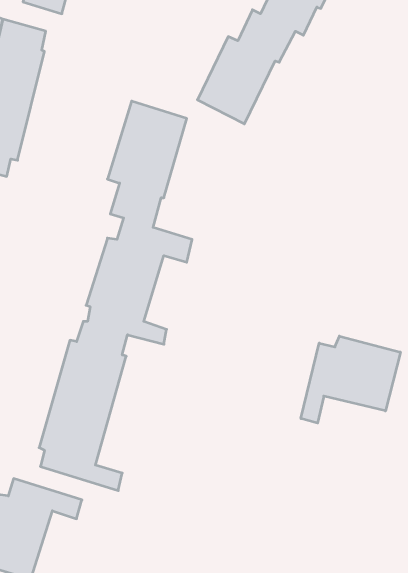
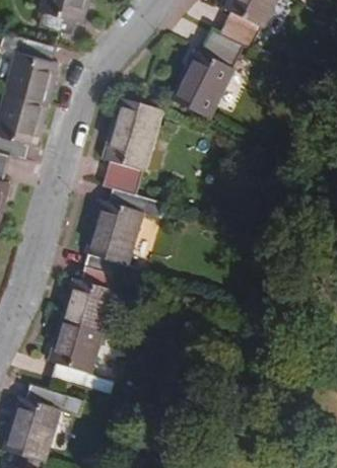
building: [301,336,400,423] -> none

